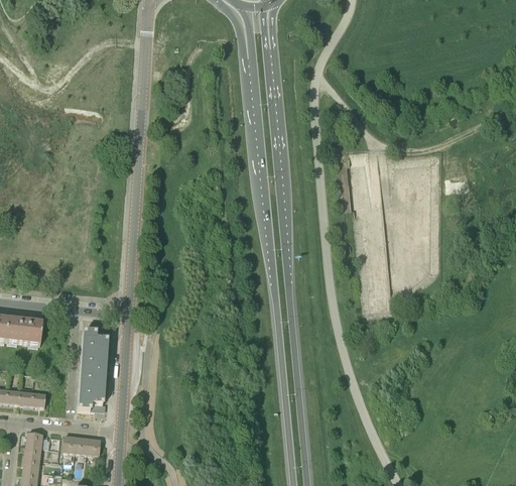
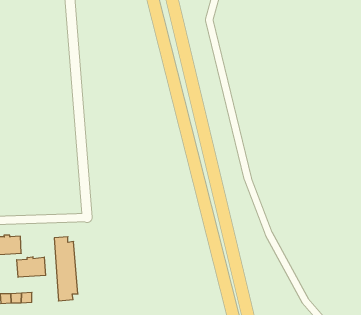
building: none -> [17,257,46,277]

